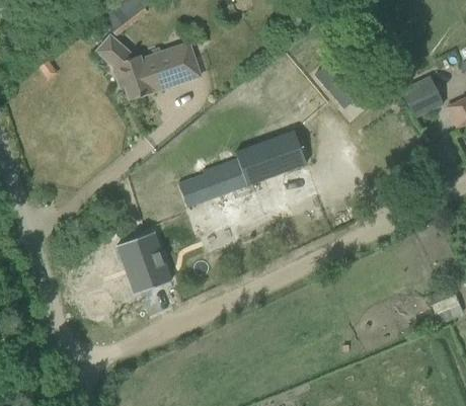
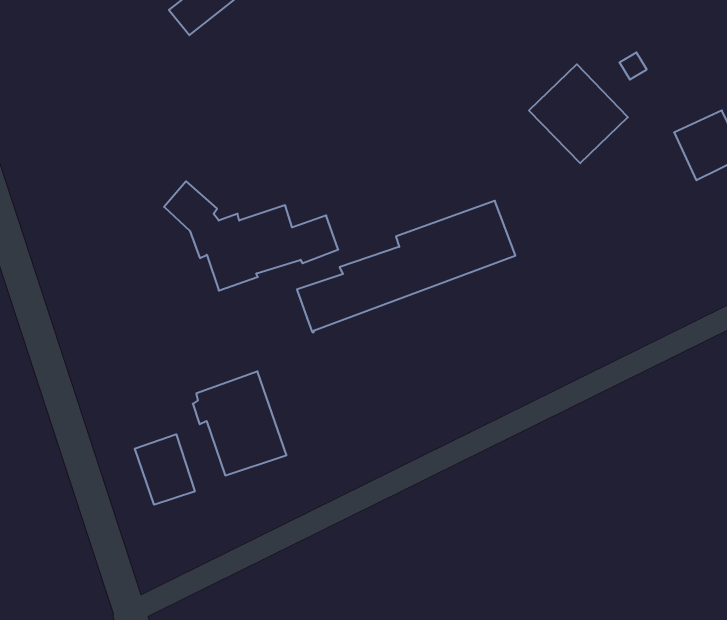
building: [97,35,201,100] -> [164,181,338,291]
building: none -> [135,434,195,505]

